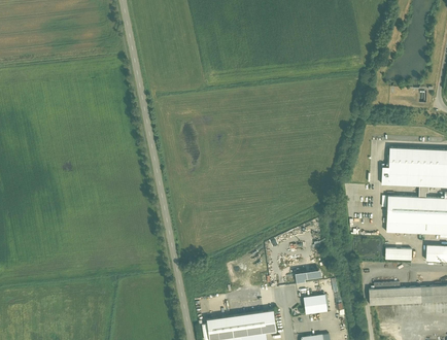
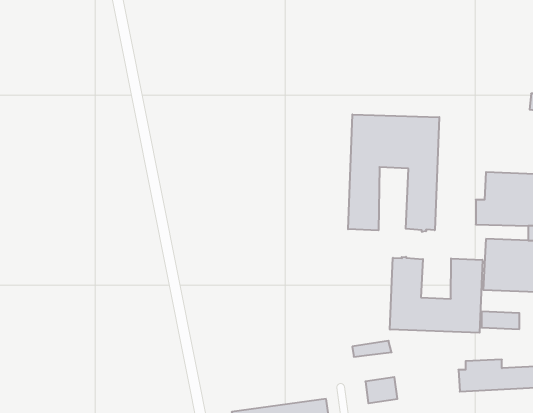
building: none -> [348,114,439,232]
building: none -> [390,257,482,333]

